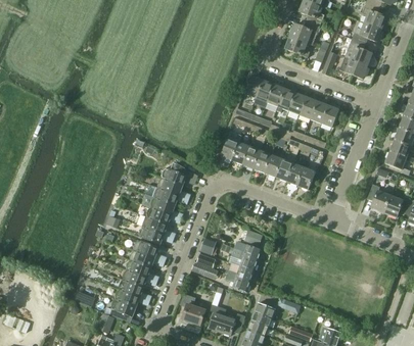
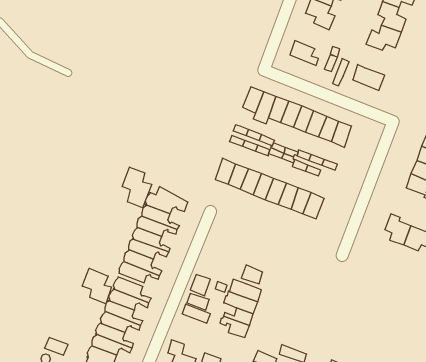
building: [289,20,319,43] -> none
building: [347,39,371,65] -> none
building: none -> [122,167,152,208]
building: none -> [82,268,112,304]

